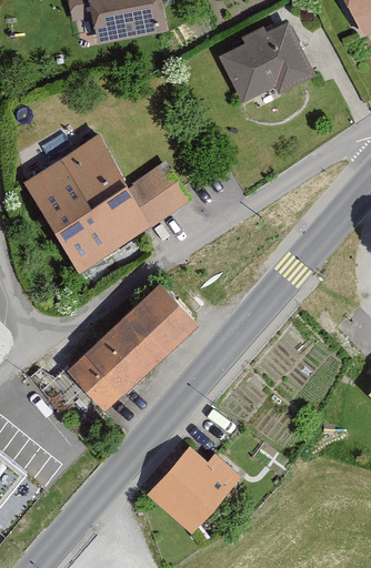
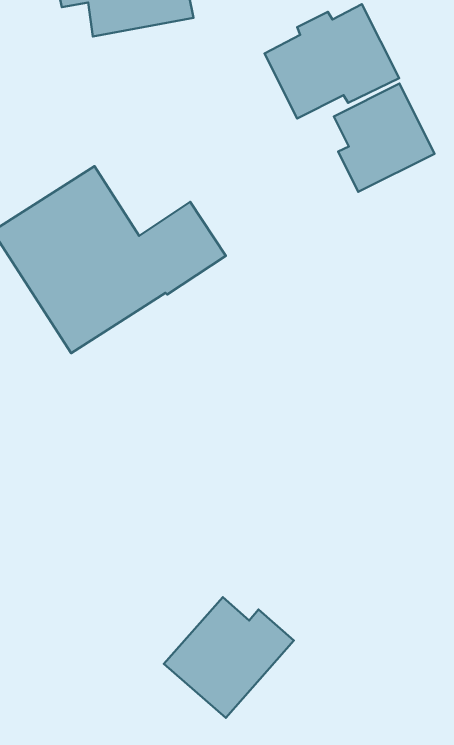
building: none -> [334,84,435,192]
building: [67,284,197,410] -> none

